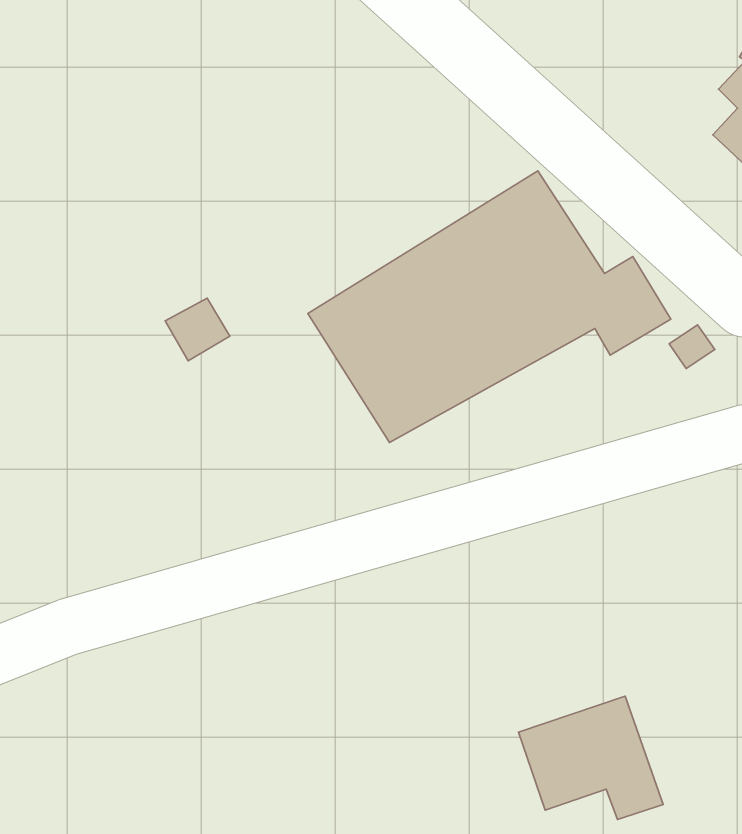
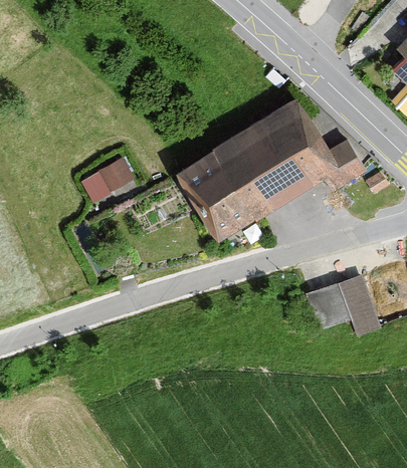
building: [519,696,663,820] -> [306,277,382,342]

